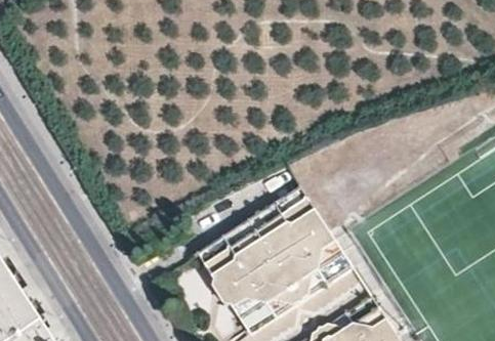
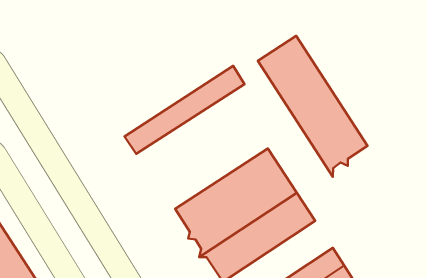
building: none -> [258,36,367,177]
building: none -> [124,66,244,154]

